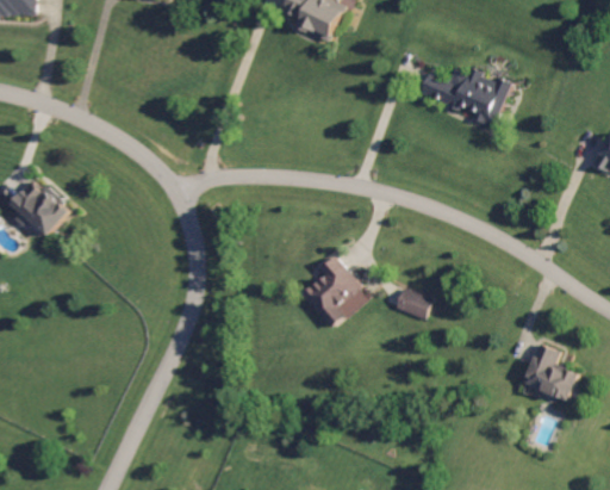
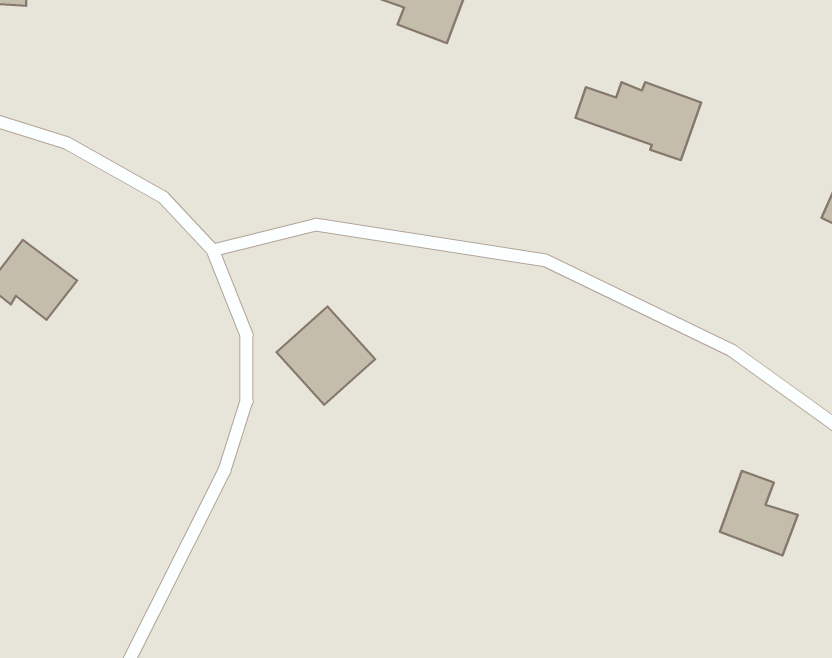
building: [299,259,368,328] -> [277,306,375,405]
building: [394,290,430,318] -> none

